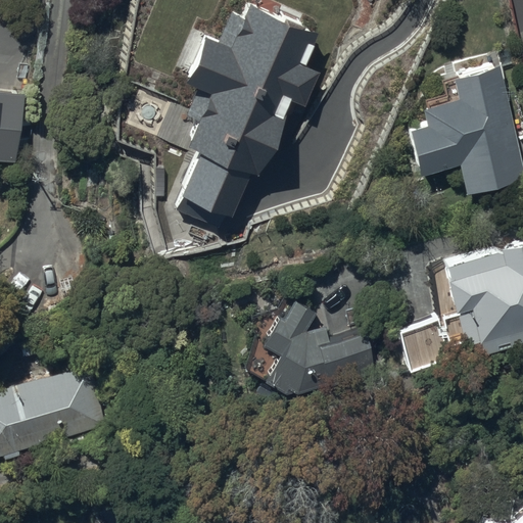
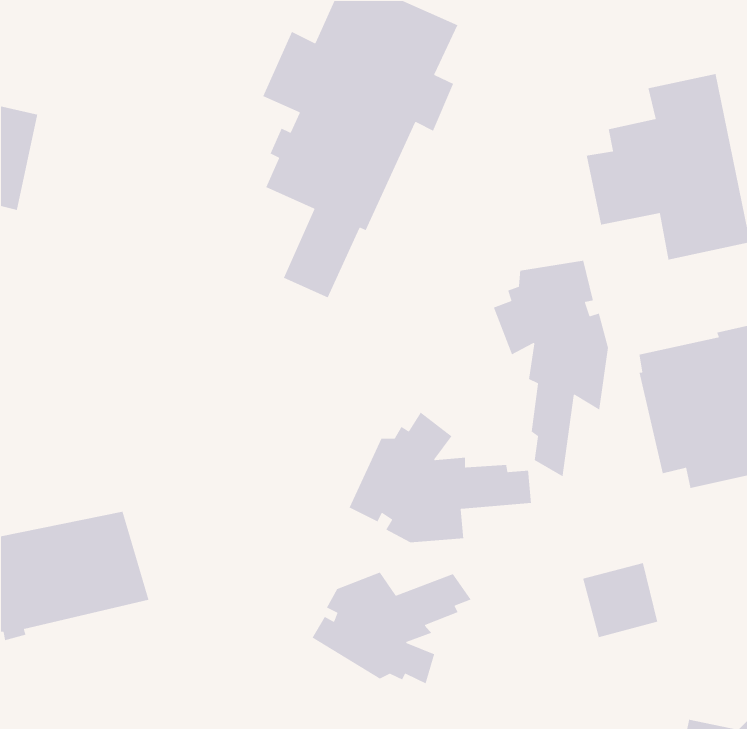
building: none -> [493,260,609,477]
building: [398,320,451,373] -> [582,562,658,638]
building: none -> [312,572,472,685]

